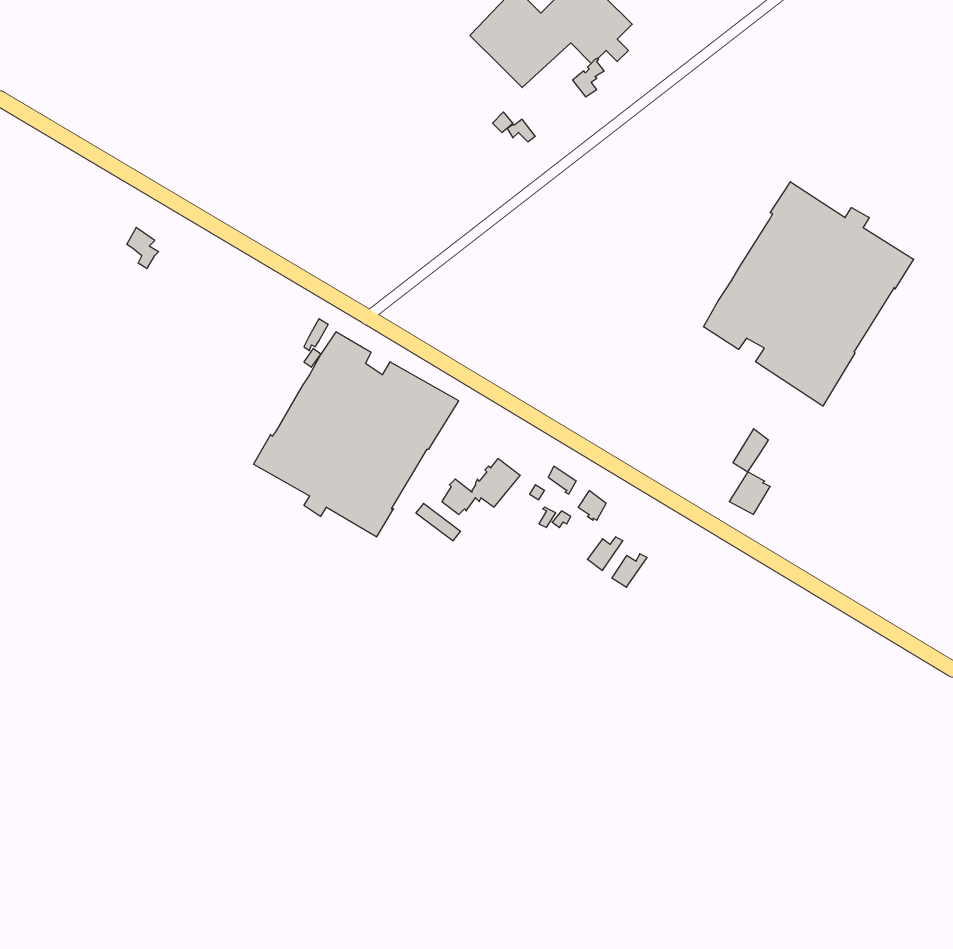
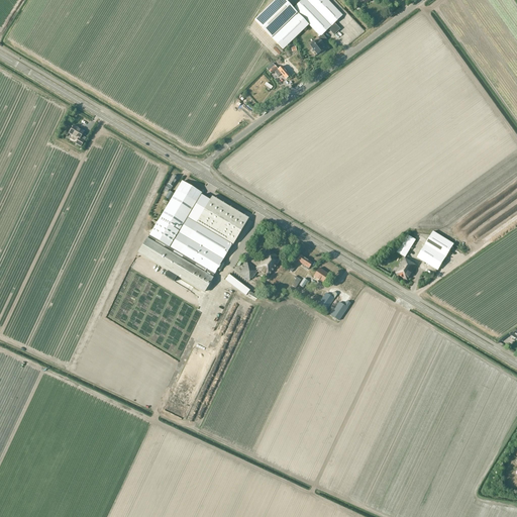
building: [704,182,914,406] -> none
building: none -> [417,229,454,269]

